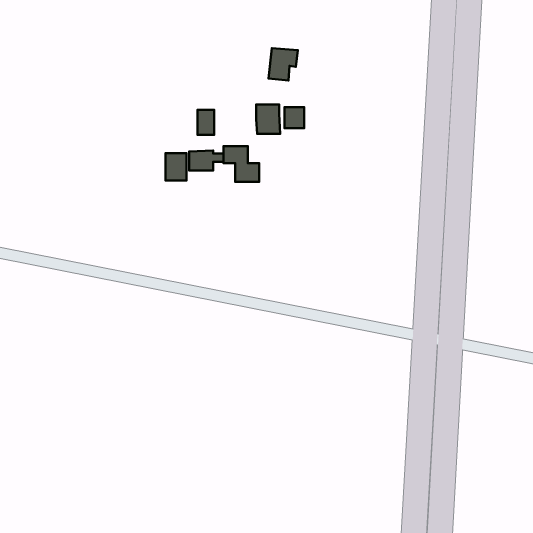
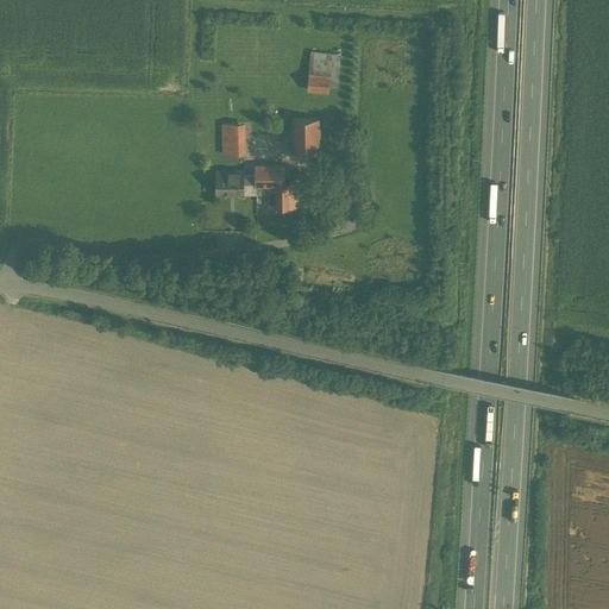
building: [285,107,304,128] -> none
building: [166,153,186,180] -> none

